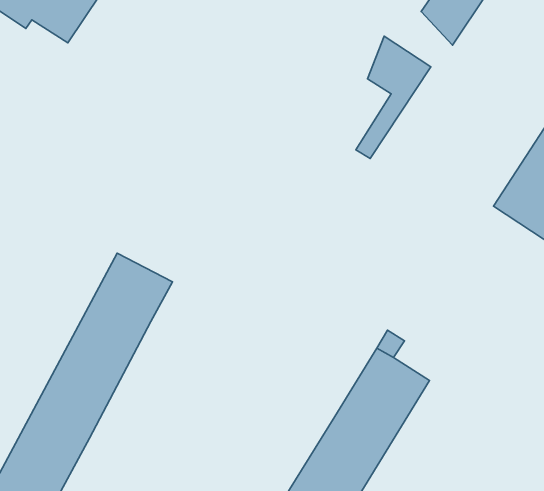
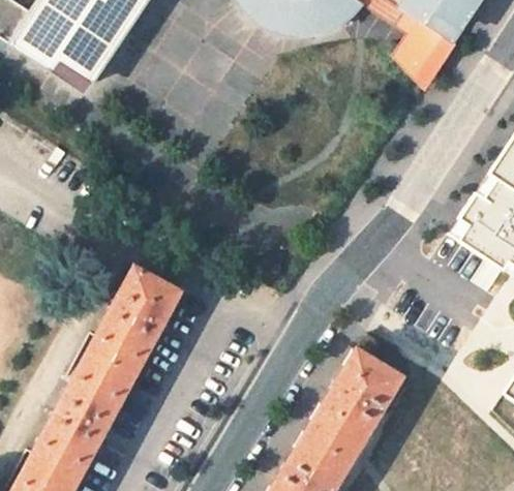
building: [356,36,431,159] -> none

